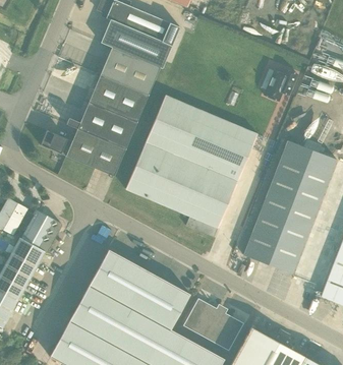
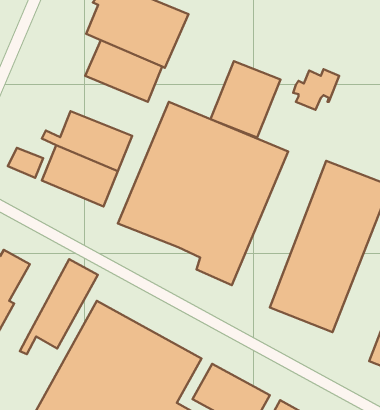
building: none -> [211,61,281,138]
building: [89,74,149,121] -> none
building: none -> [20,259,98,354]

